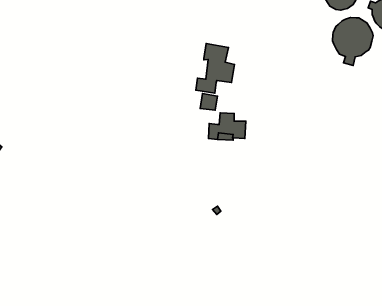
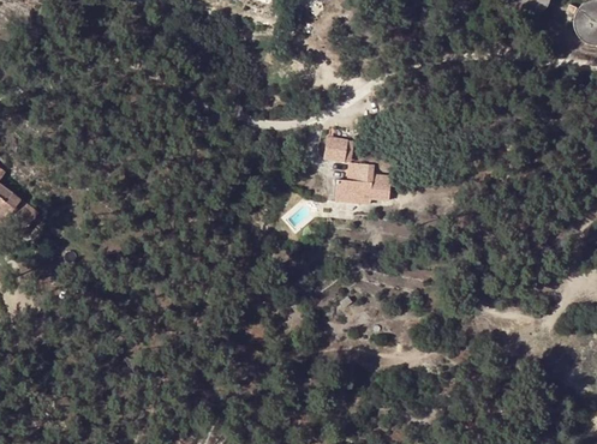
building: [332,17,373,65] -> none
building: [196,44,235,93] -> none

